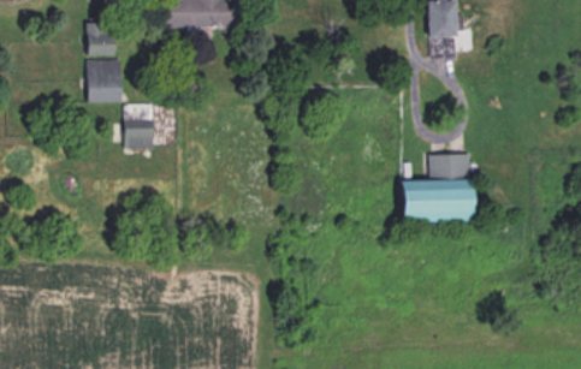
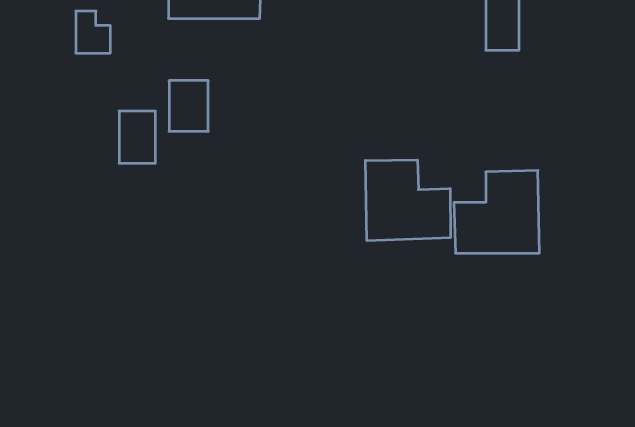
building: [88,59,120,101] -> [169,81,208,131]
building: none -> [365,160,450,241]

